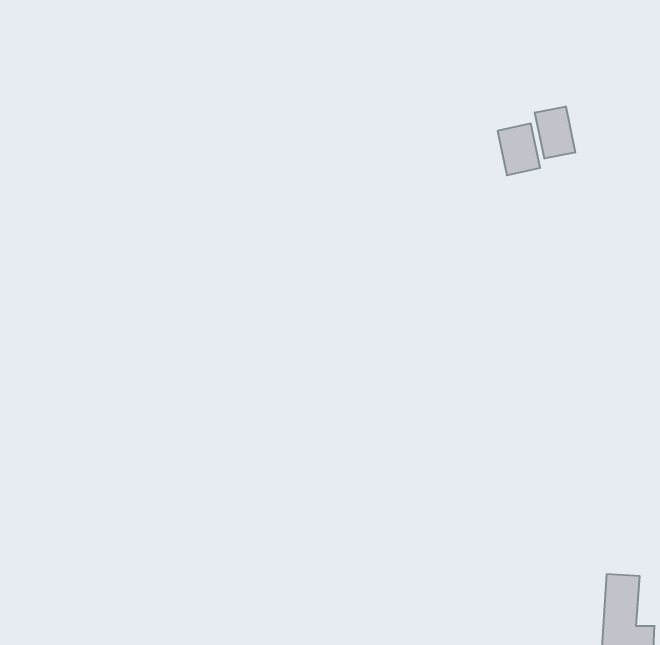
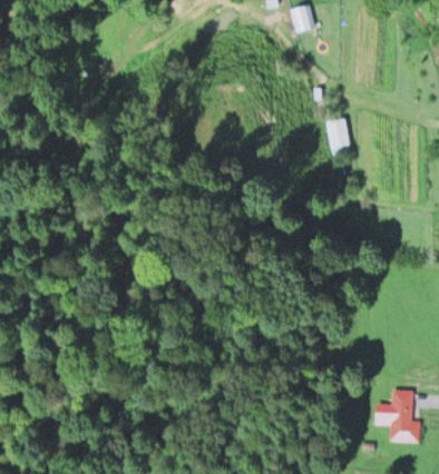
building: [535,106,575,159] -> none

